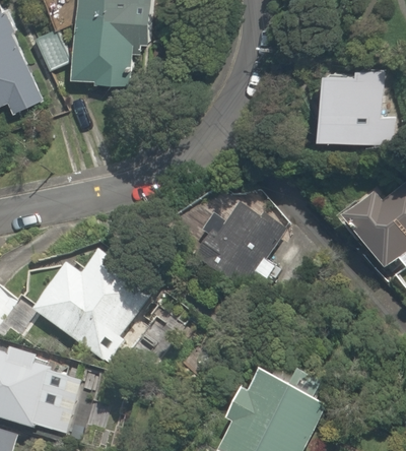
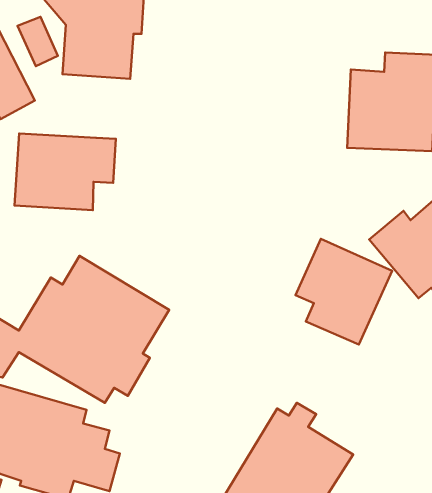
building: none -> [14,133,116,210]
building: [197,196,282,289] -> [296,239,392,344]

